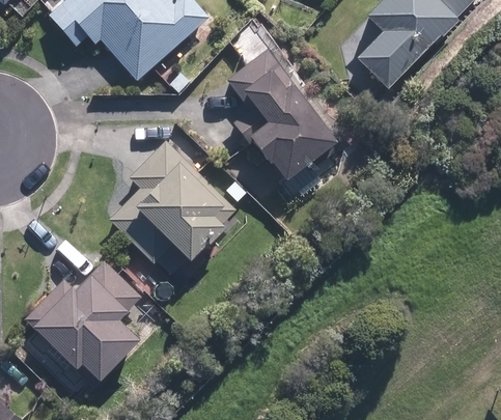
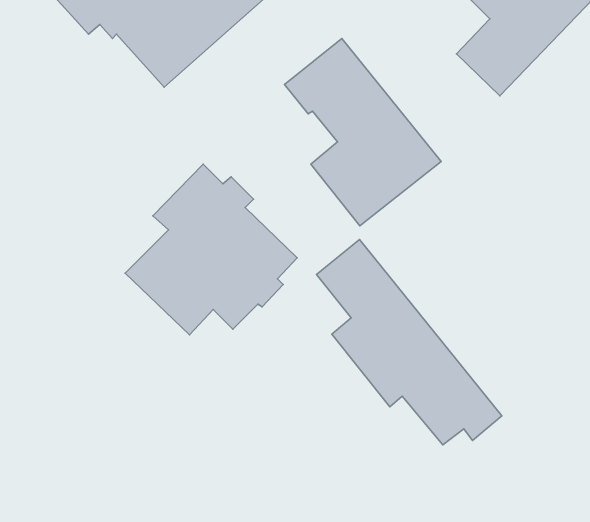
building: none -> [316,239,502,445]
building: [26,258,141,385] -> none

